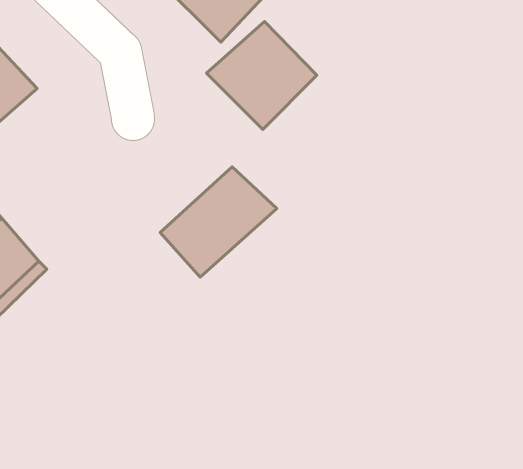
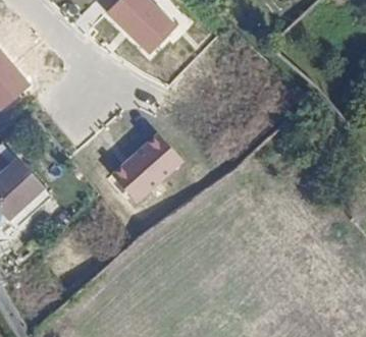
building: [207,21,317,129] -> none

